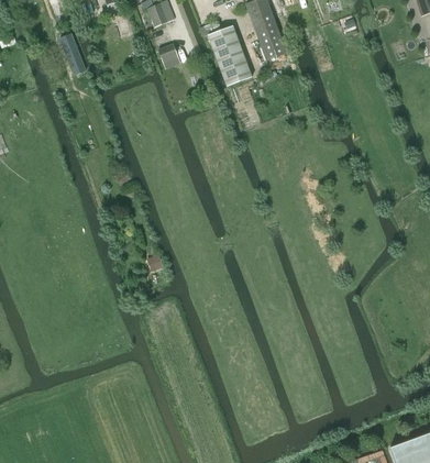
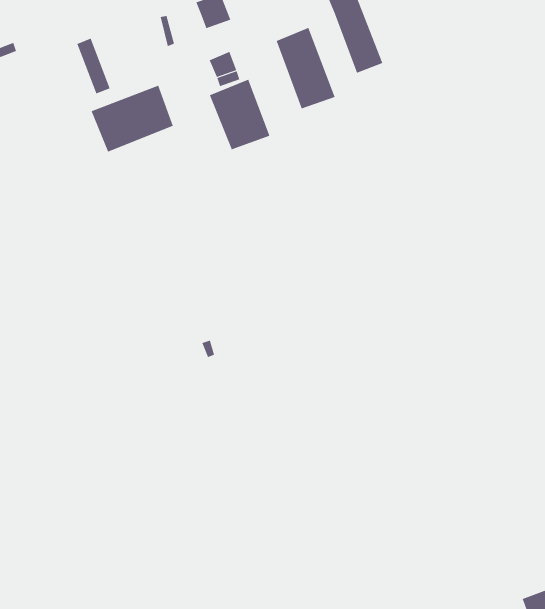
building: none -> [209,79,270,150]
building: none -> [91,85,174,152]

